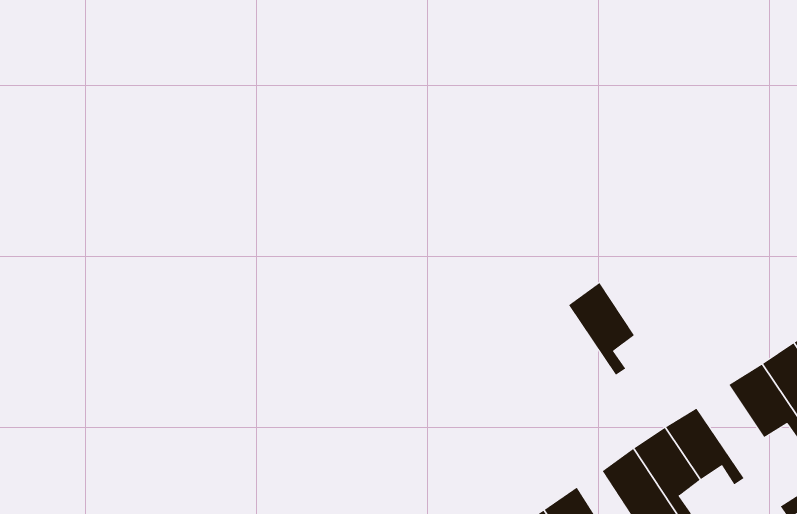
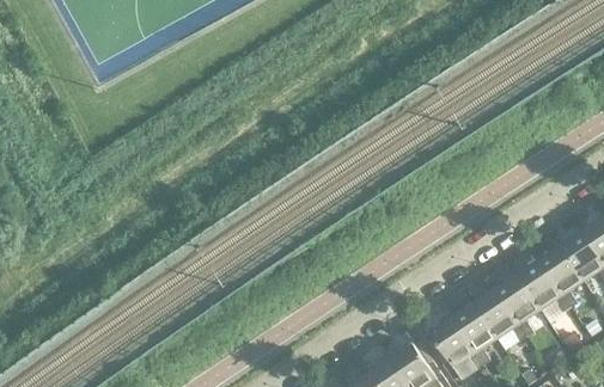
building: [568,282,635,376] -> [494,274,539,337]

